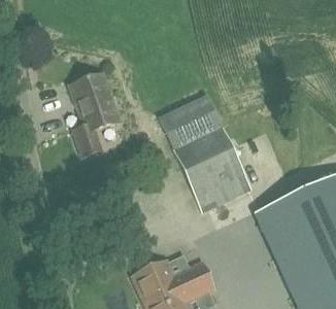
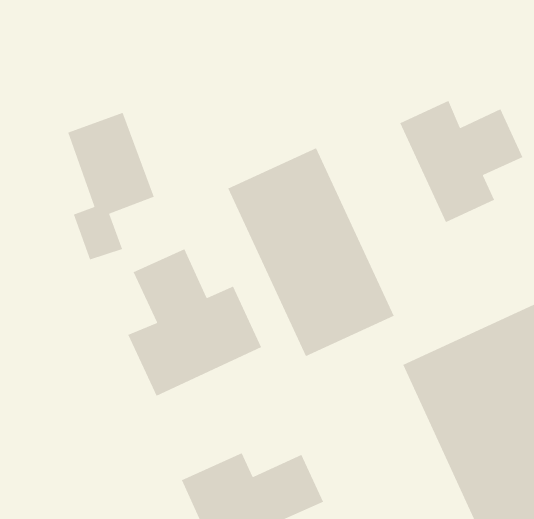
building: none -> [399,100,523,223]
building: none -> [127,248,262,397]

